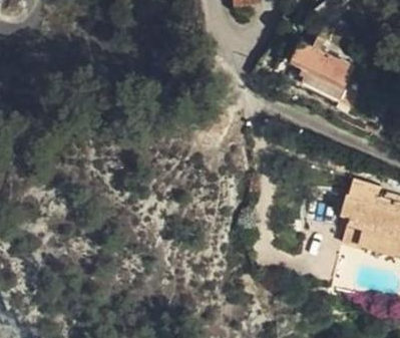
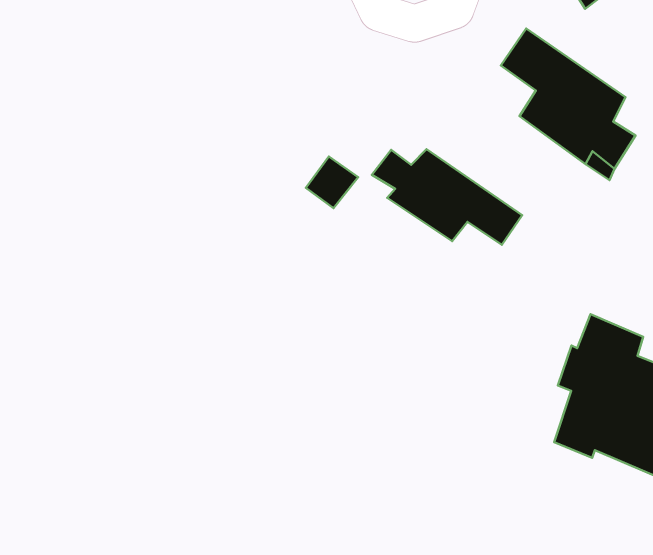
building: none -> [372,149,522,245]

